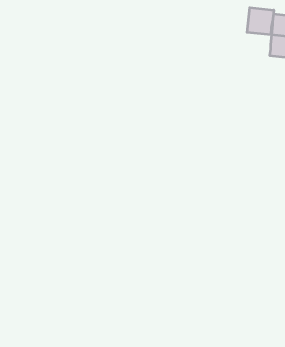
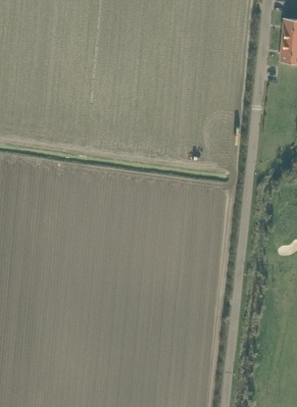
building: [247,8,274,35] -> none

